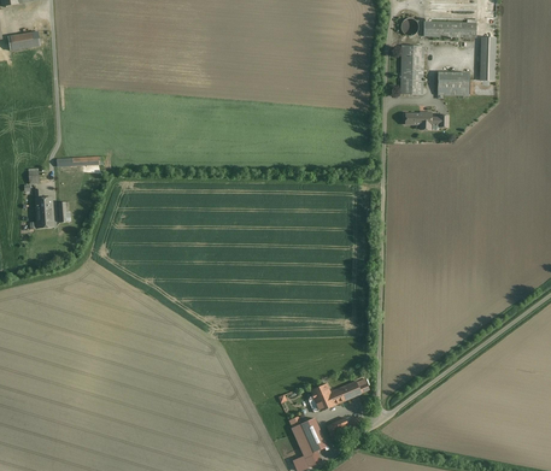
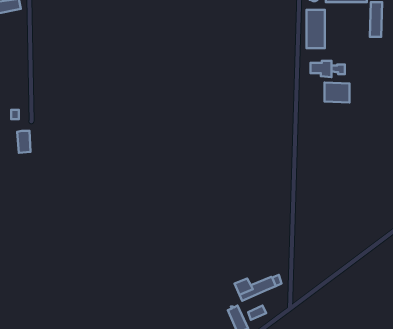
building: [436,70,468,95] -> [324,82,349,103]

